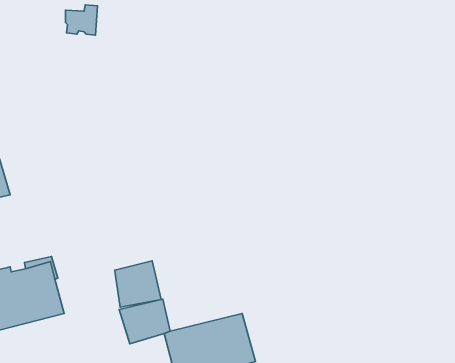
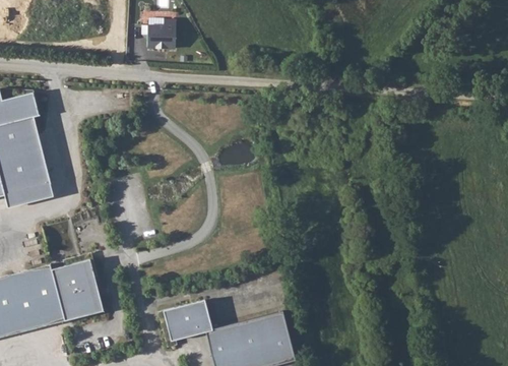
building: [65,5,98,35] -> [147,17,179,47]
building: [115,261,161,307] -> none

